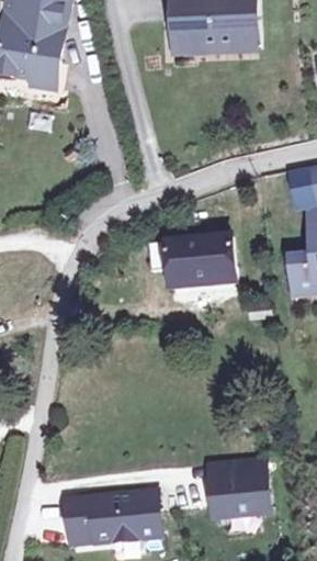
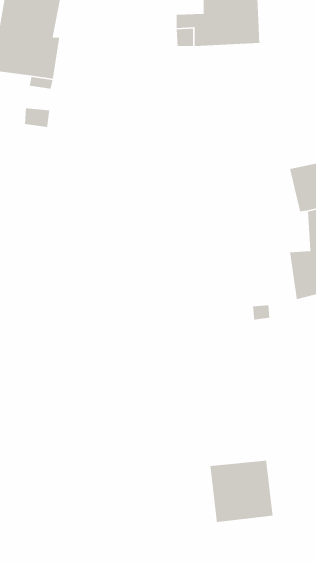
building: [149,232,239,287] -> none
building: [69,492,158,542] -> none

